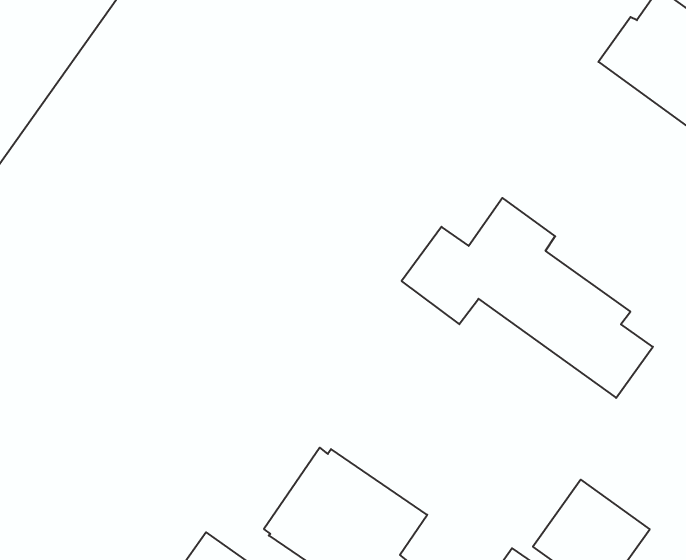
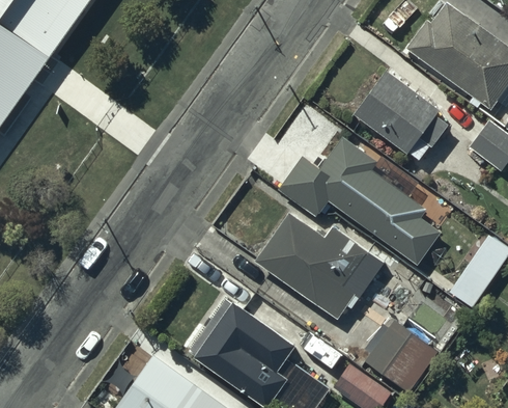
building: none -> [350,67,448,155]
building: none -> [253,210,369,319]

